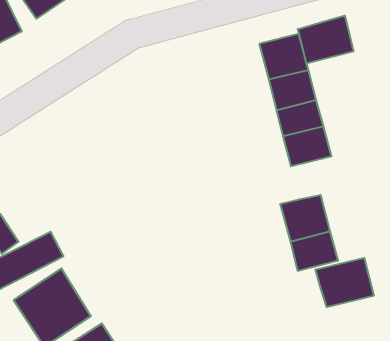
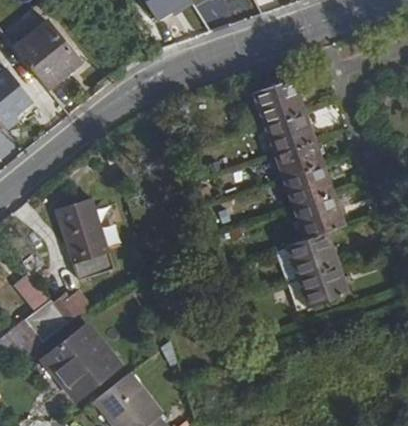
building: [298,16,353,64] -> none
building: none -> [53,195,111,277]
building: none -> [297,194,346,238]
building: [316,258,374,307] -> none

